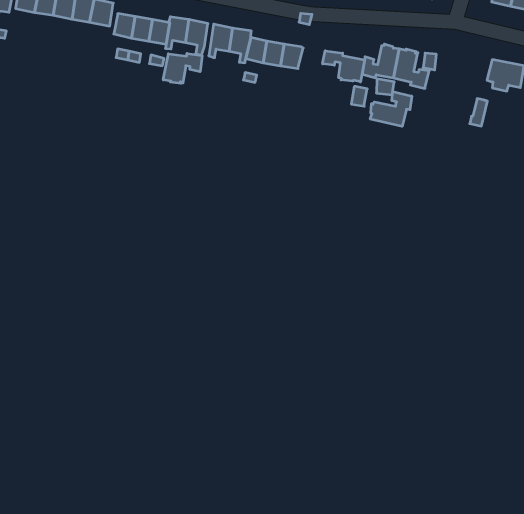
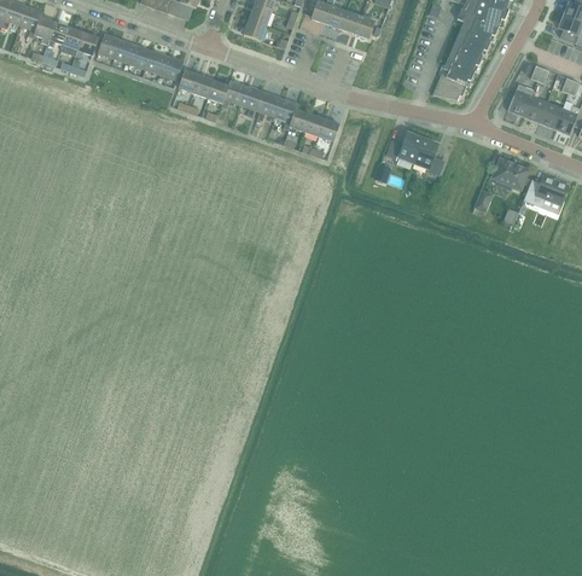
building: [323,51,365,82] -> none
building: [163,53,202,83] -> none
building: [370,91,412,126] -> none

